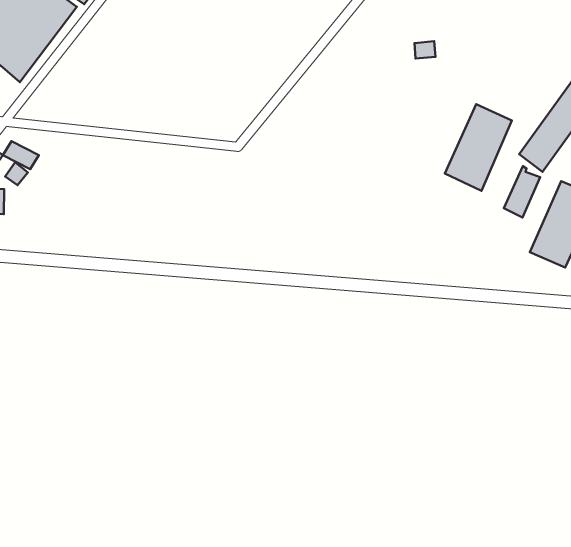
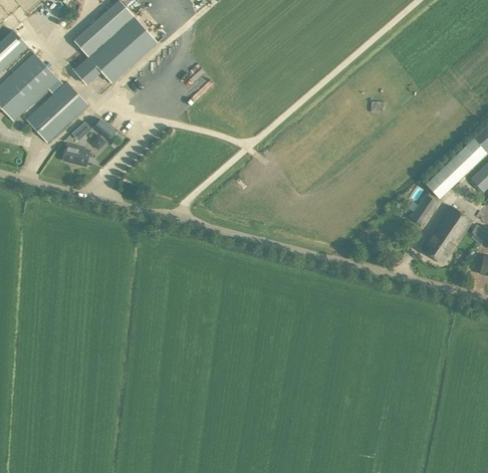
building: [445,104,512,191] -> none

